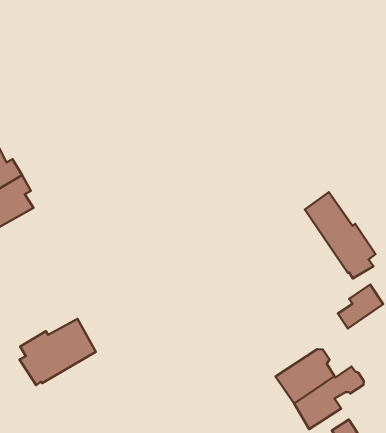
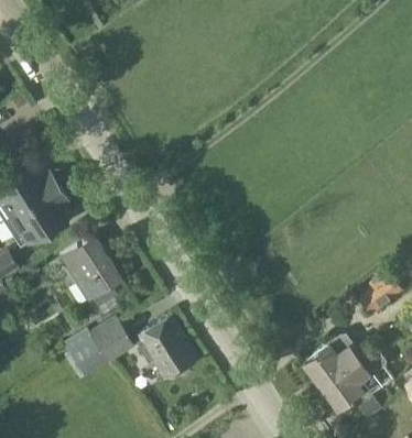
building: [305,192,376,279] -> none
building: none -> [58,236,121,302]
building: none -> [137,316,198,382]

